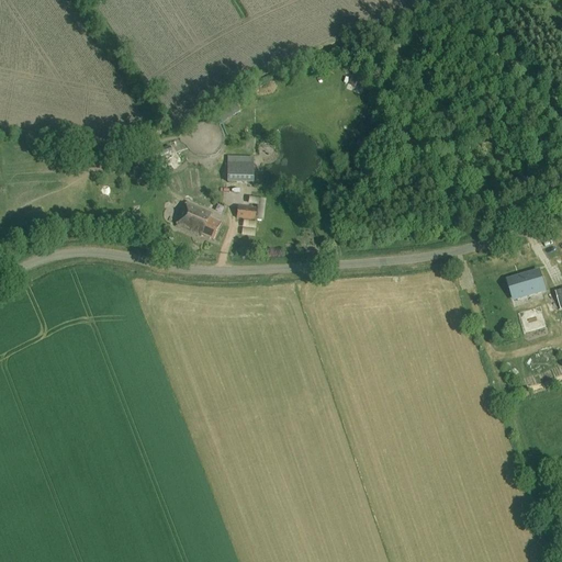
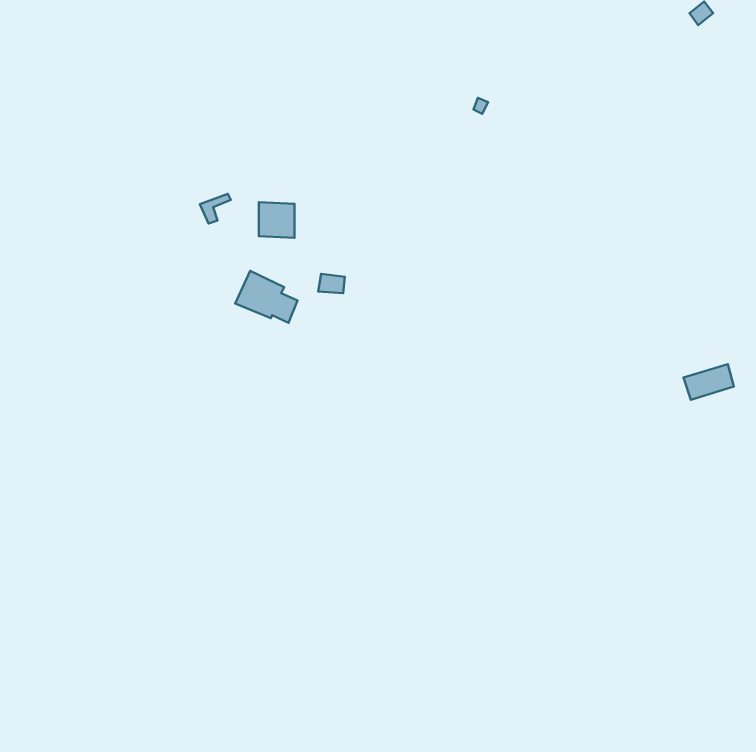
building: [227,154,254,180] -> [259,202,294,238]

